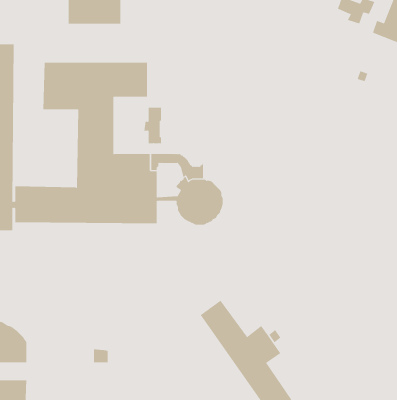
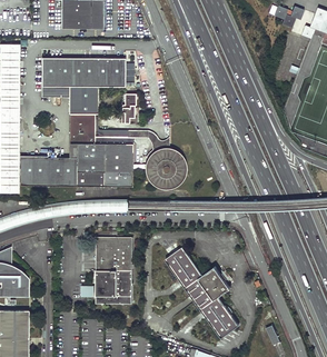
building: none -> [96,238,132,305]

